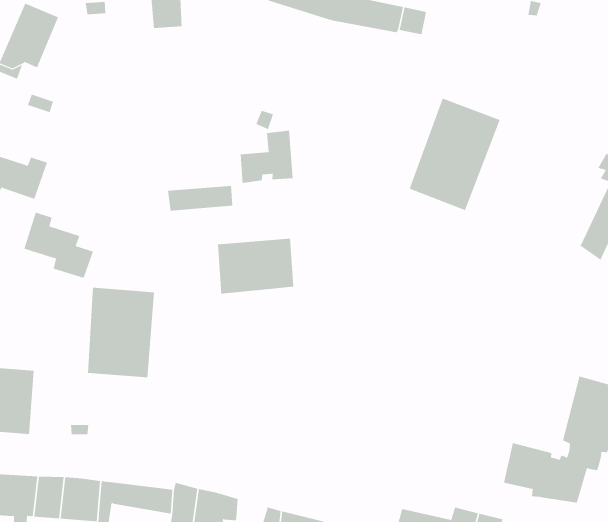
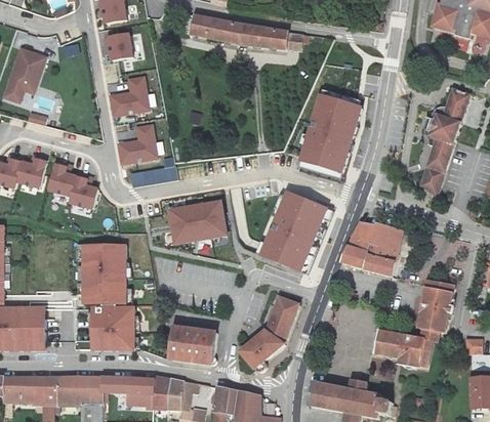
building: none -> [109,75,149,114]
building: [240,130,293,183] -> [118,123,157,163]
building: [24,212,94,279] -> [47,162,96,206]
building: none -> [259,189,325,269]
building: none -> [341,224,400,277]
building: none -> [92,305,136,351]
building: none -> [236,297,295,373]
building: none -> [164,327,211,365]

